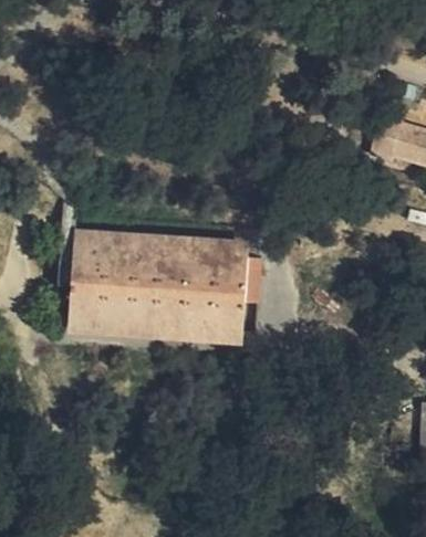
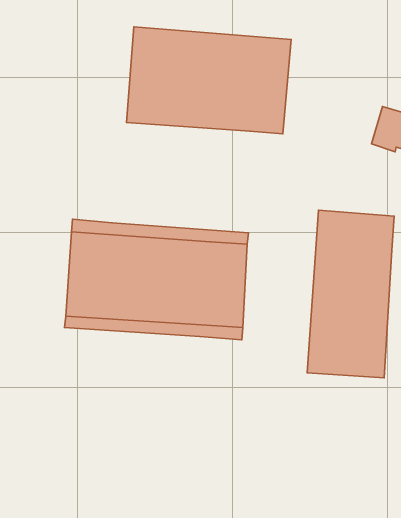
building: none -> [126,27,291,134]
building: none -> [307,210,394,378]

